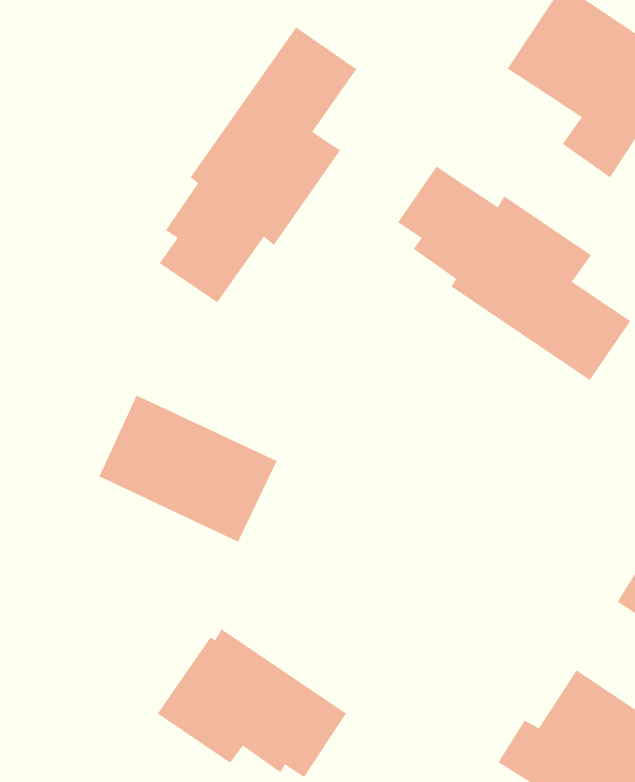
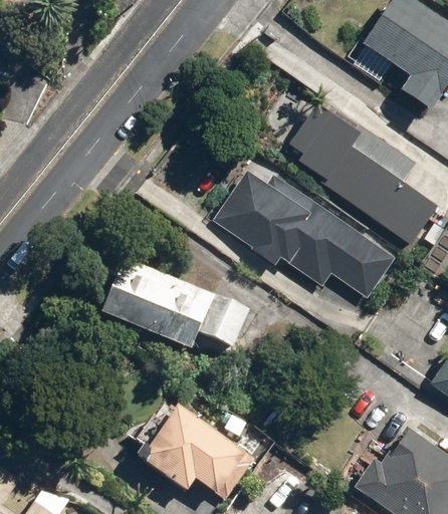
building: [159,26,357,303] -> none
building: none -> [214,171,397,298]
building: none -> [202,294,252,346]

